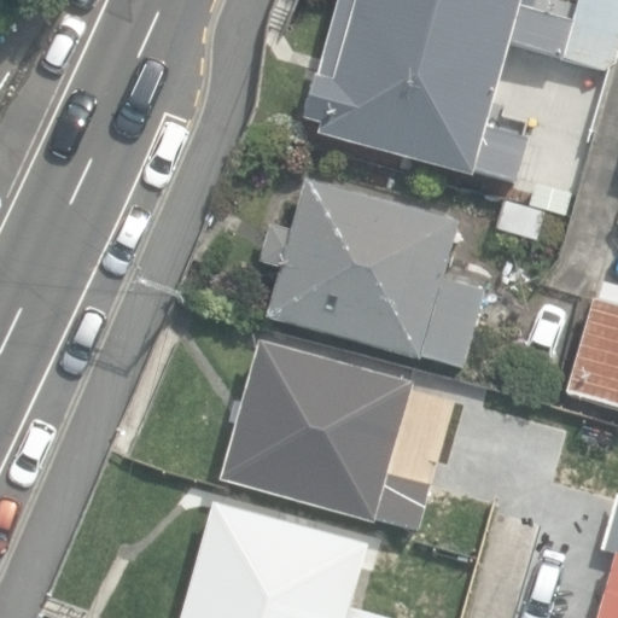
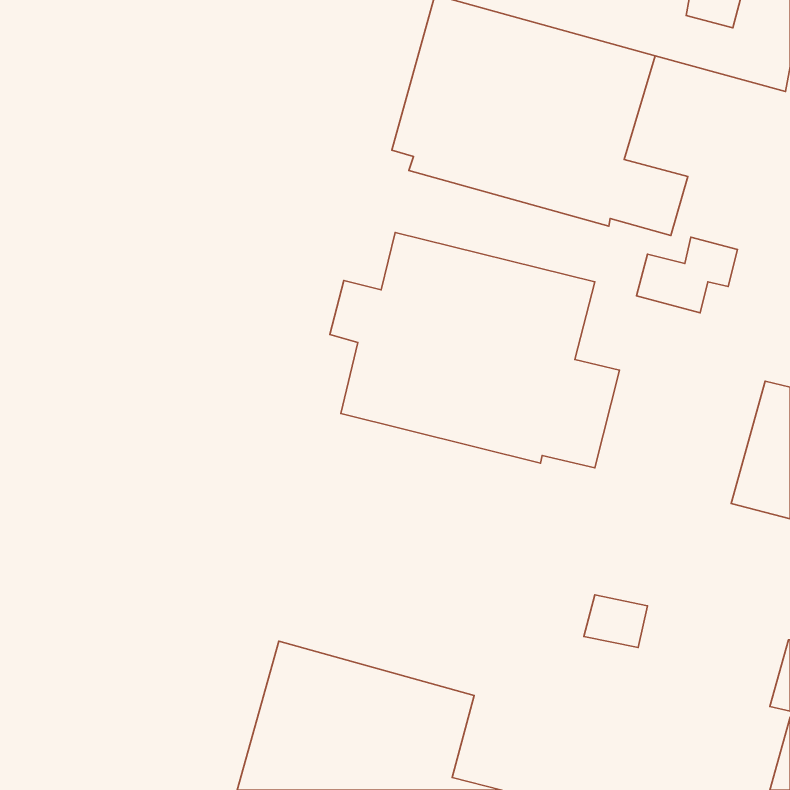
building: [222,340,431,529] -> none

